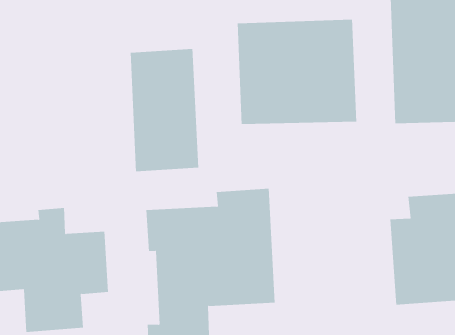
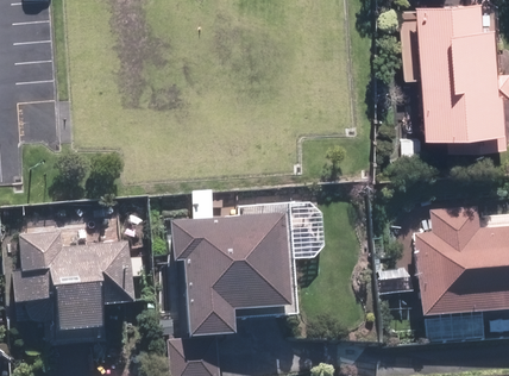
building: [237,19,357,125] -> none
building: [130,48,199,172] -> none

